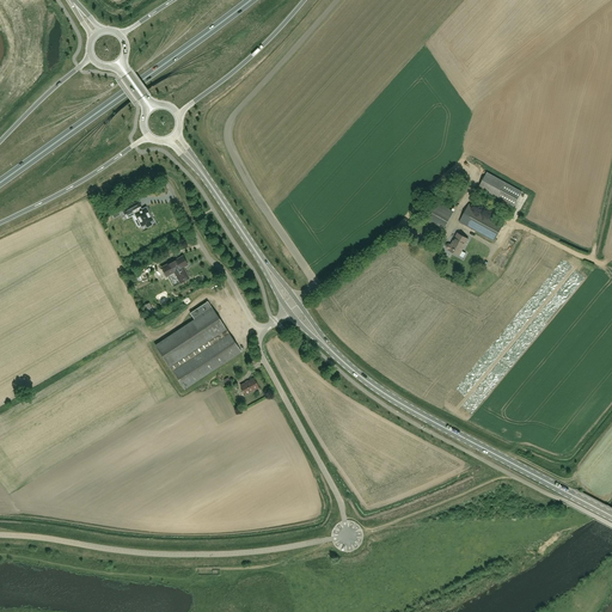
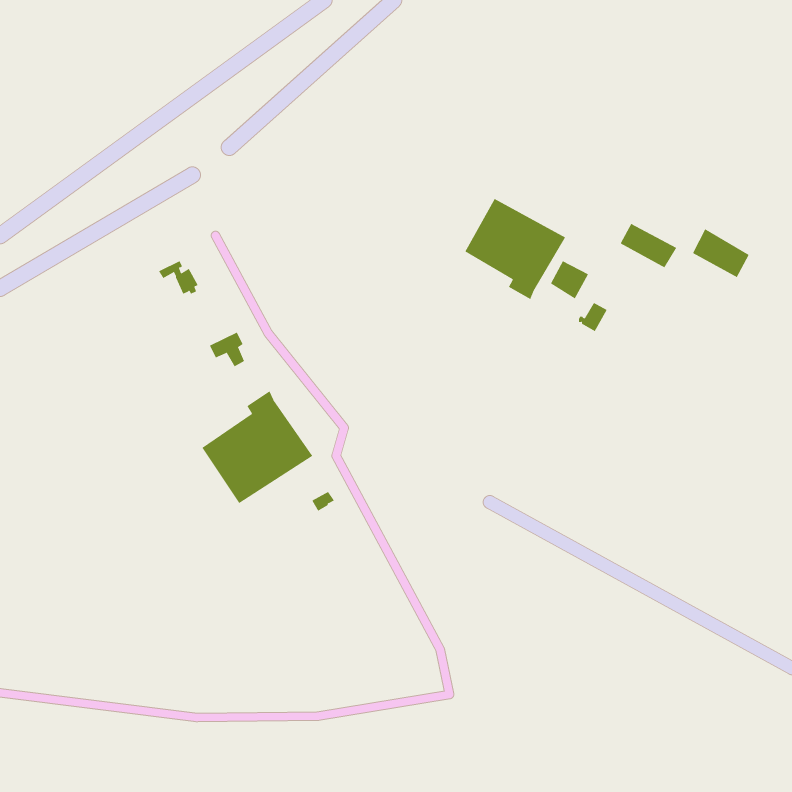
building: none -> [464,198,566,300]
building: [459,203,503,241] -> [692,228,750,278]

